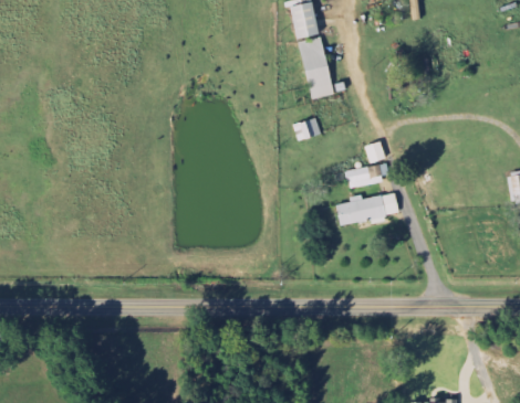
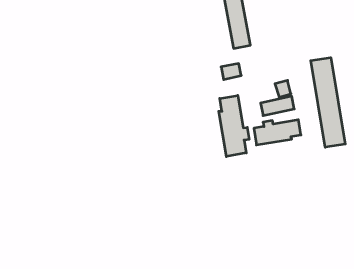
building: none -> [311,58,345,147]
building: none -> [219,95,249,157]

